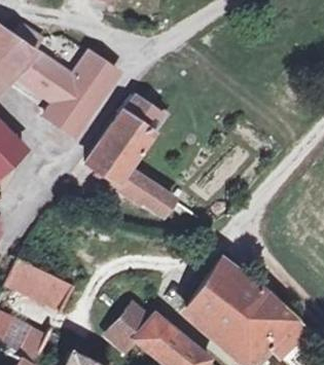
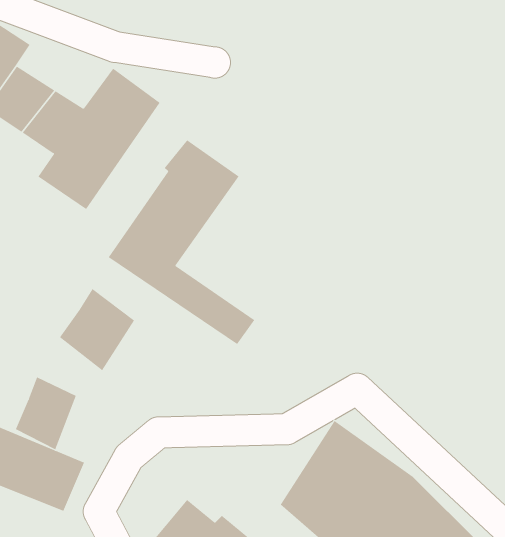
building: none -> [59,288,135,371]
building: none -> [15,376,77,450]

